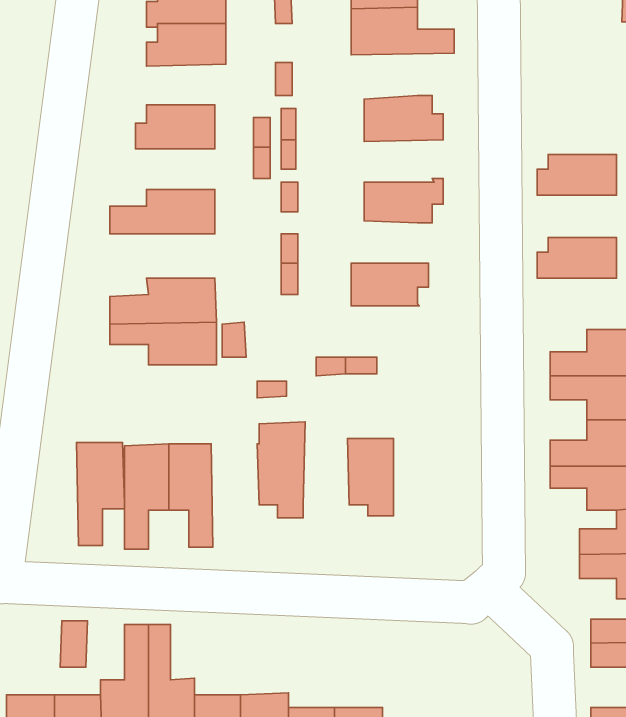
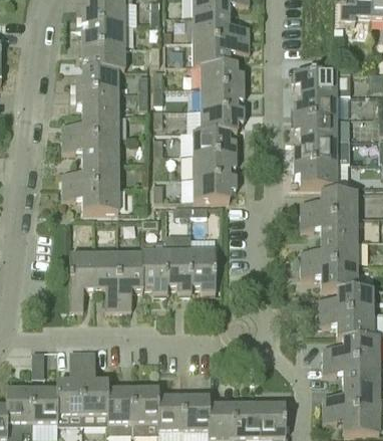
building: none -> [193,39,249,64]
building: none -> [81,45,125,69]
building: none -> [294,70,337,94]
building: none -> [200,86,243,109]
building: none -> [75,91,118,114]
building: none -> [294,117,337,140]
building: none -> [193,131,235,154]
building: none -> [61,138,118,162]
building: none -> [293,162,337,184]
building: none -> [193,176,236,199]
building: none -> [166,234,192,292]
building: [77,442,124,546] -> [116,252,142,308]

